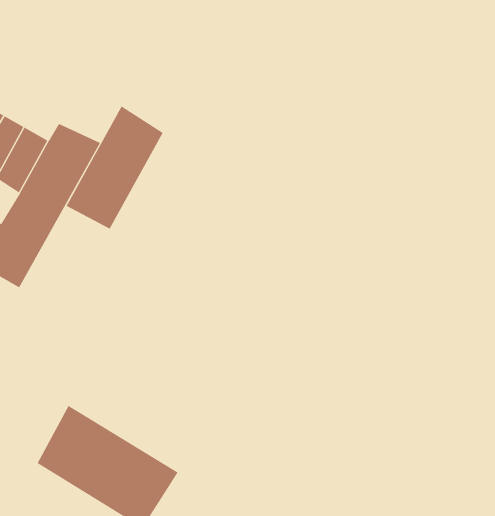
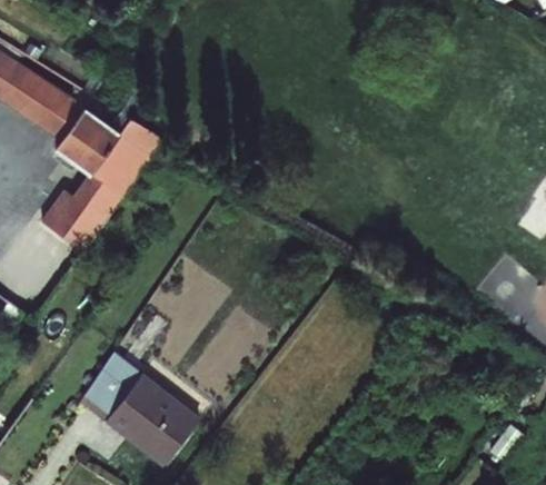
building: [66,106,164,230] -> none

